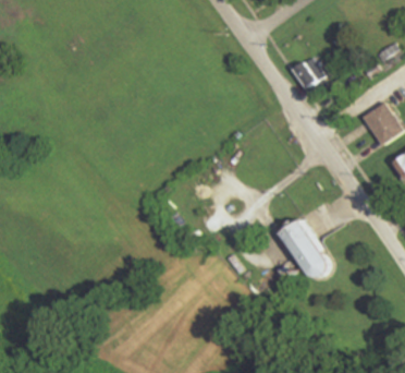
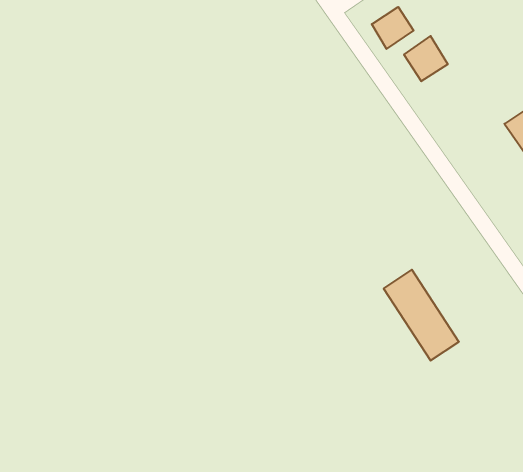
building: none -> [372,7,414,49]

